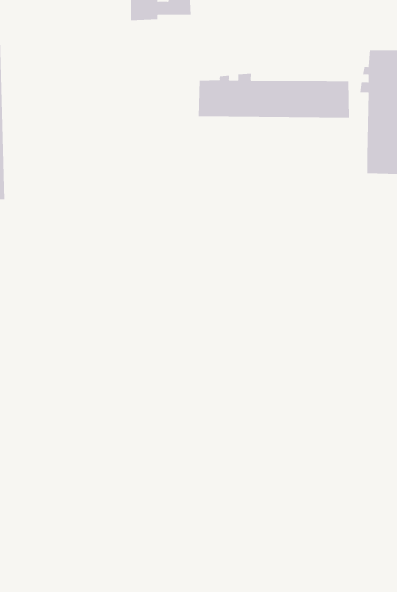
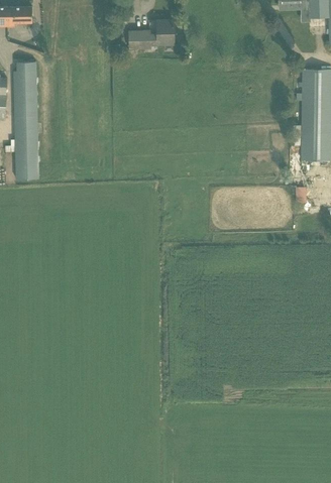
building: [198,73,349,118] -> none

